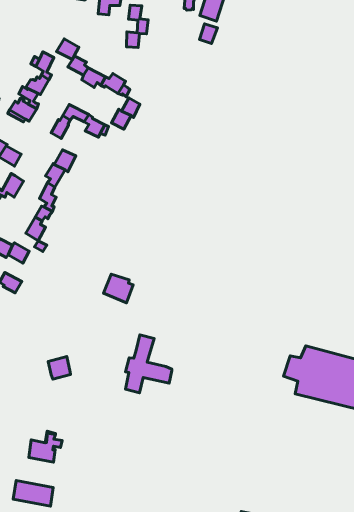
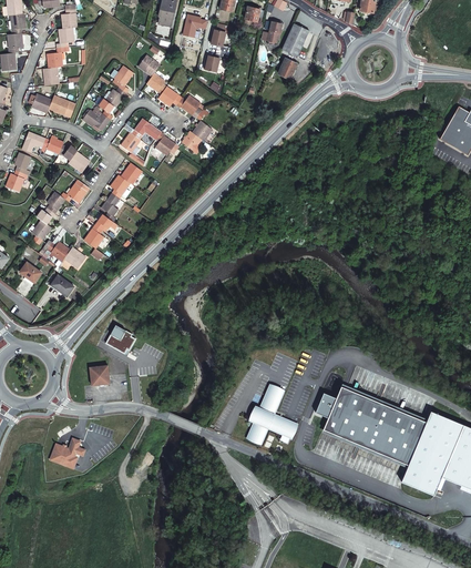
building: [103,274,133,303] -> [104,325,134,355]
building: [125,335,172,393] -> [248,386,296,443]
building: [13,480,53,506] -> none

